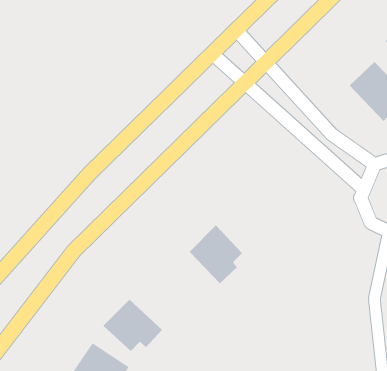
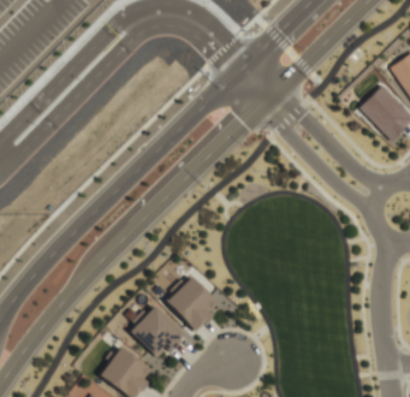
building: [189,225,243,284] -> [167,275,218,331]

